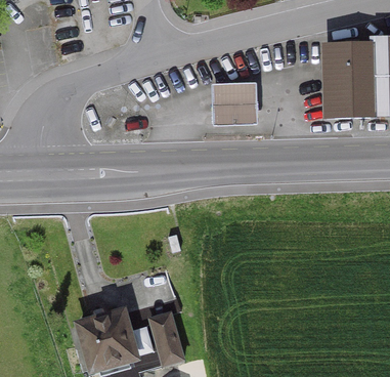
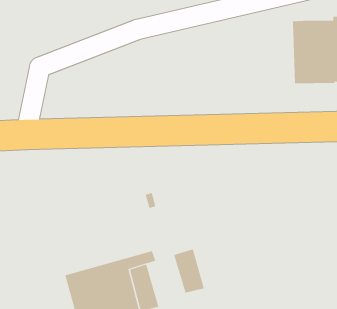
building: [213,82,257,123] -> none
building: none -> [173,248,205,294]

